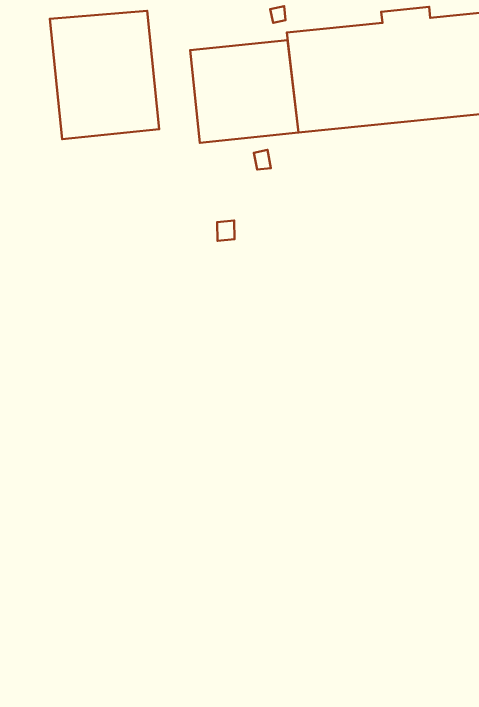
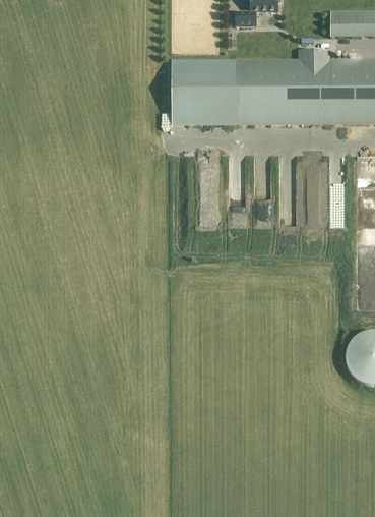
building: [50,11,159,139] -> none

